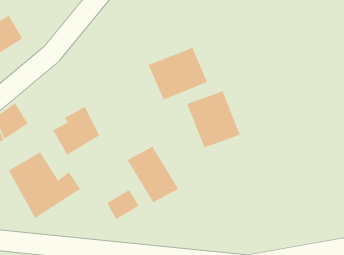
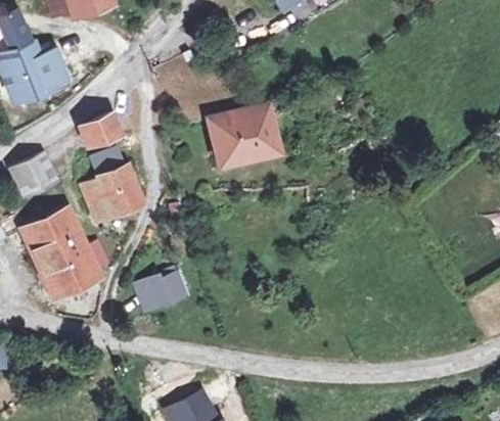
building: none -> [88,113,126,151]
building: [186,90,241,148] -> none
building: [127,146,179,203] -> none

